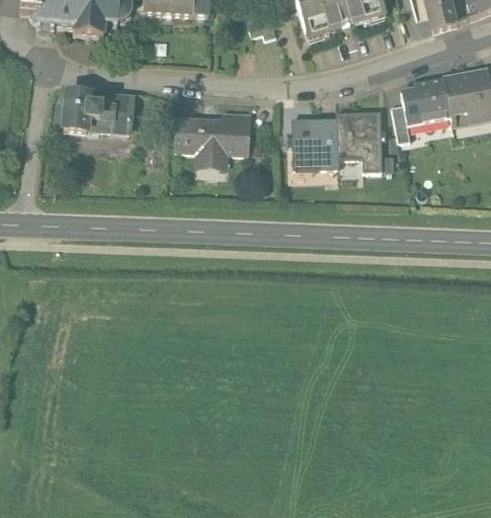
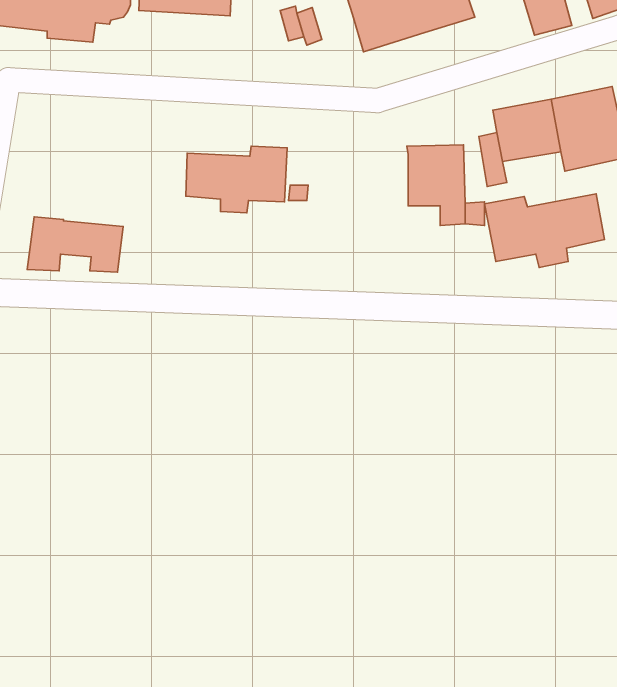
building: [64,88,134,128] -> [27,217,123,272]
building: [293,118,338,167] -> none
building: none -> [484,194,604,267]

